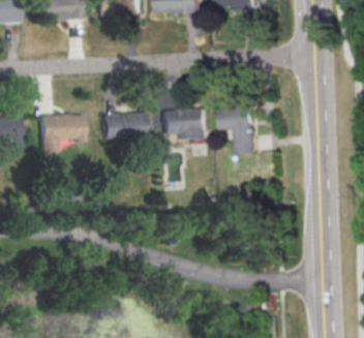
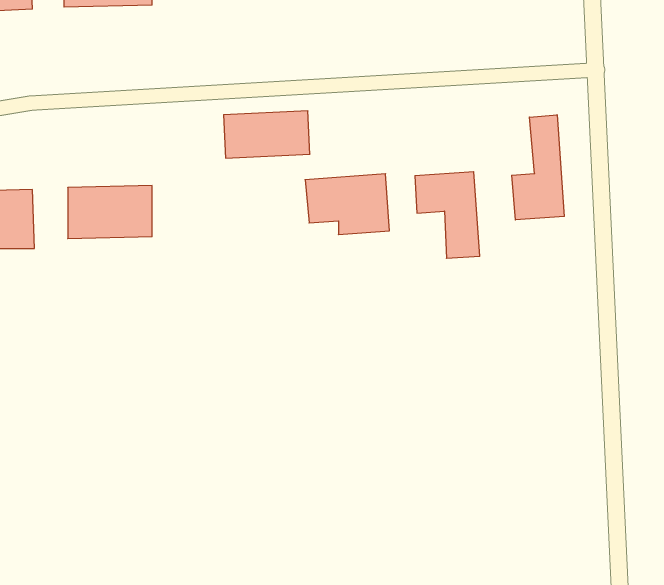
building: none -> [512,115,564,220]
building: [103,114,149,139] -> [224,111,310,158]

